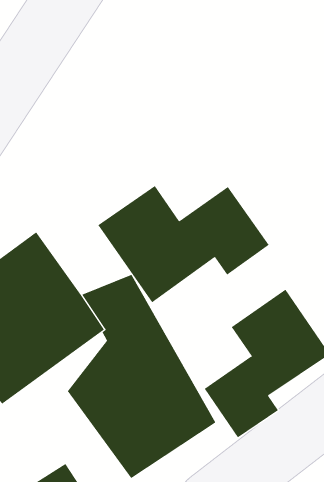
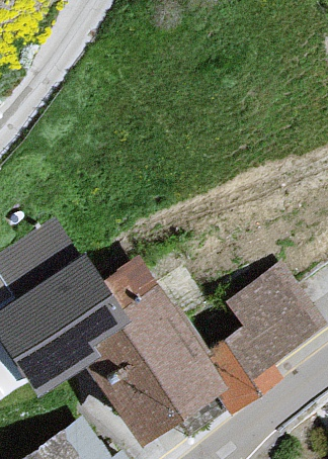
building: [98,185,269,303] -> none

